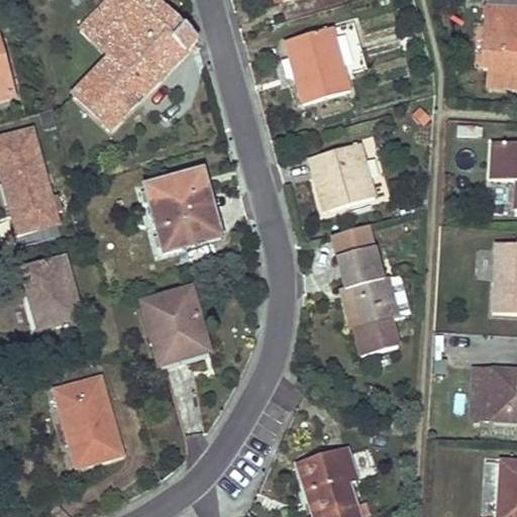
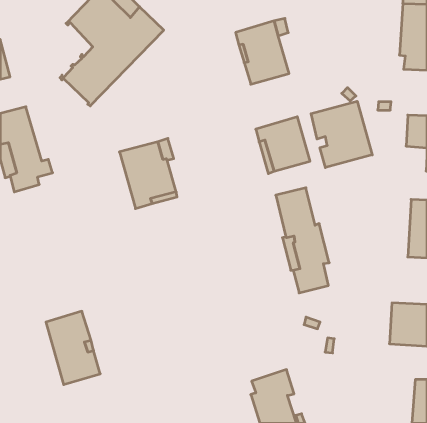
building: none -> [311,101,372,168]
building: [21,255,82,329] -> none
building: [144,288,211,365] -> none

